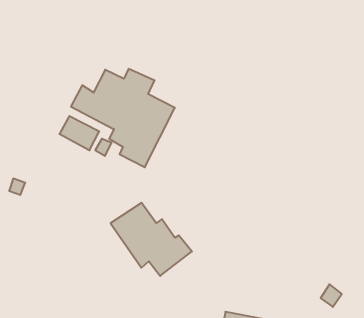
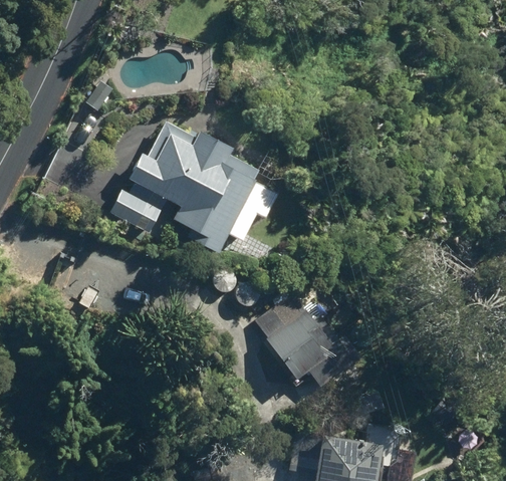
building: [111,203,192,276] -> [259,297,359,388]

